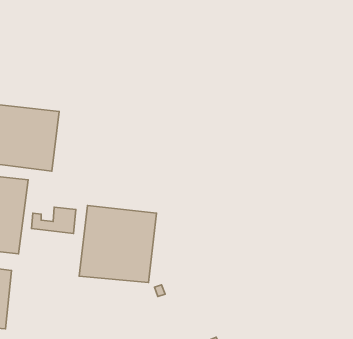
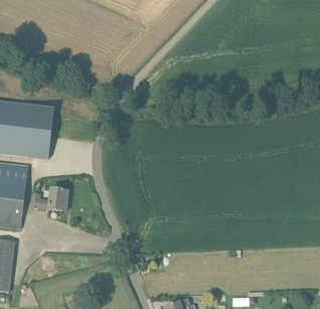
building: [79,205,157,283] -> none

